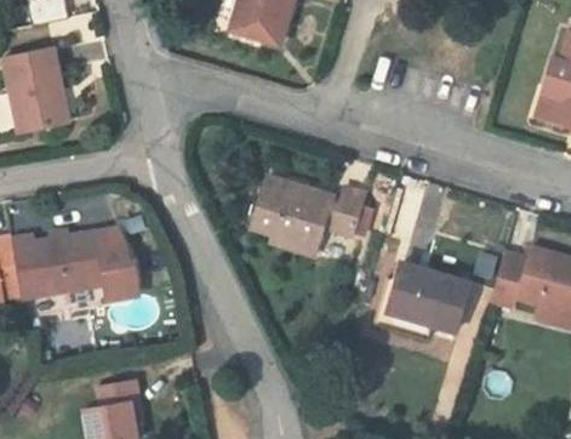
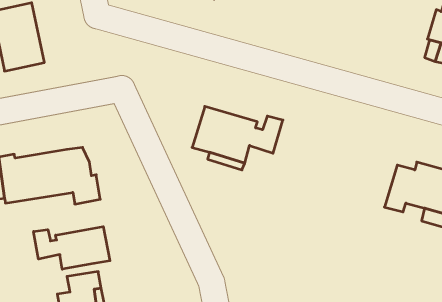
building: [373,261,470,340] -> none
building: none -> [34,227,110,269]

